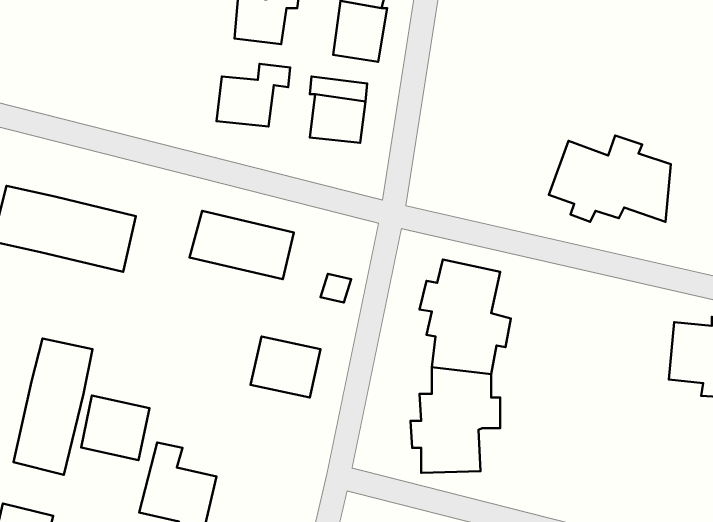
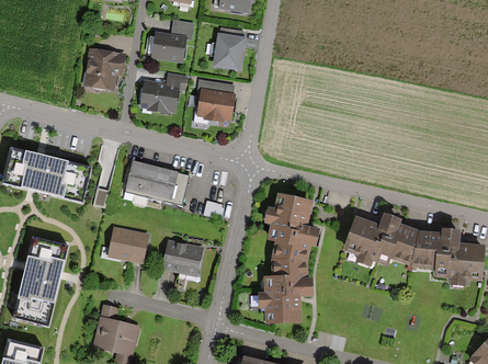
building: none -> [83,49,123,89]
building: [549,136,671,222] -> [345,213,420,265]
building: [81,396,149,460] -> [107,225,149,264]

